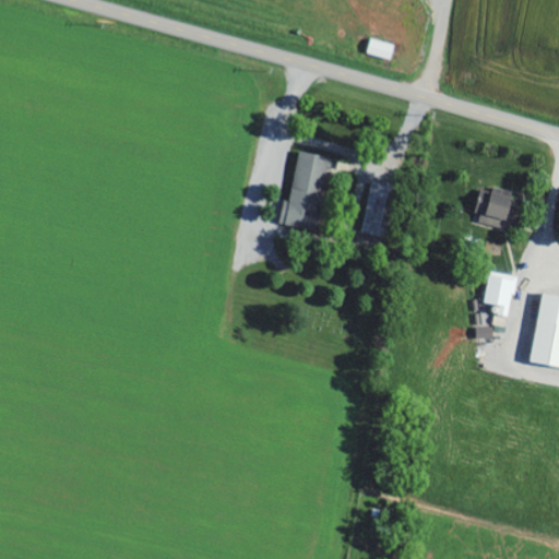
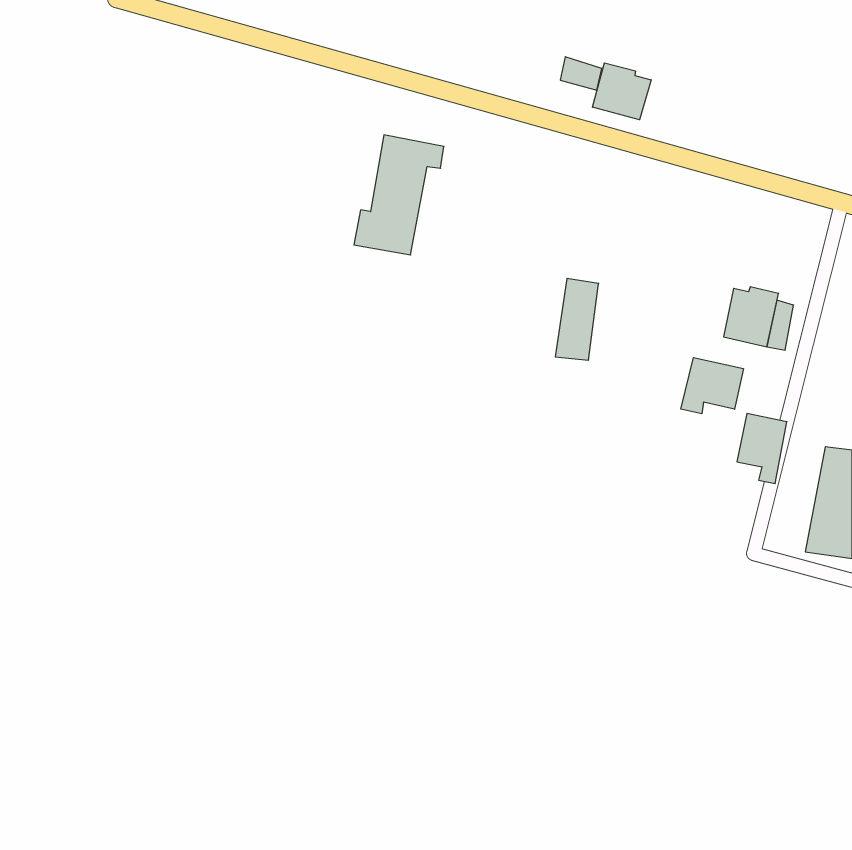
building: none -> [592,63,651,120]
building: [278,151,337,229] -> [354,135,444,255]
building: none -> [681,358,743,414]

